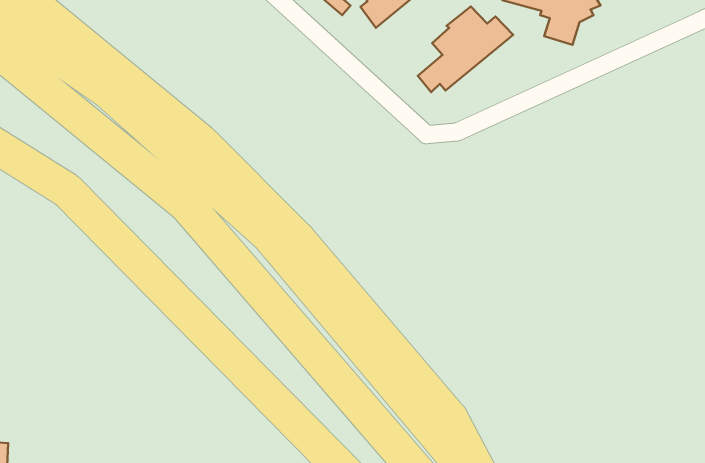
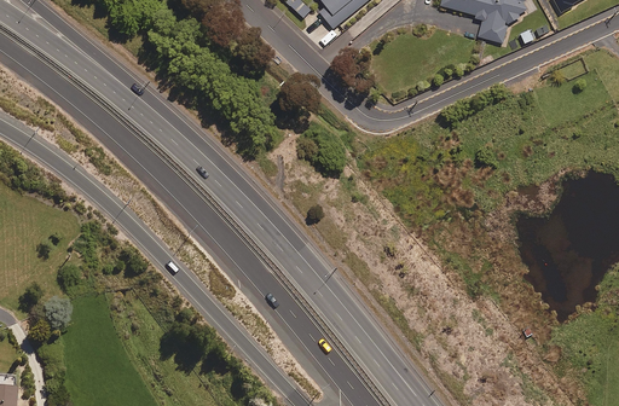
building: [418,7,513,92] -> none

